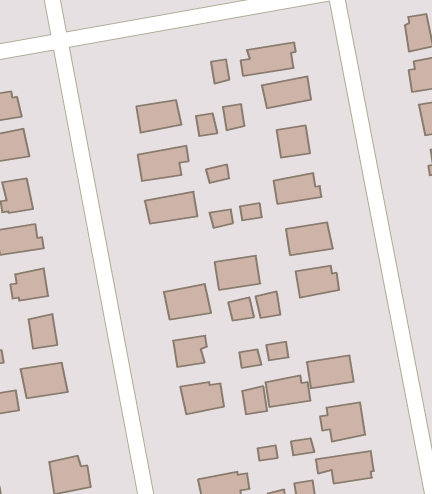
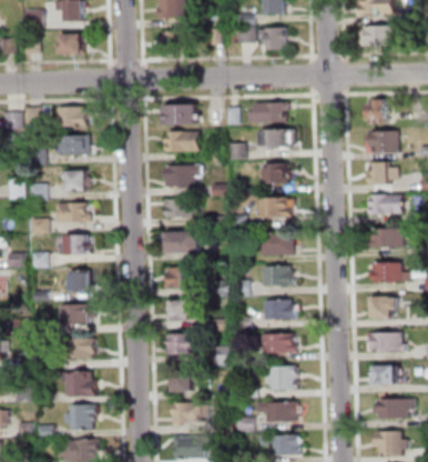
building: none -> [164,107,196,125]
building: [215,256,260,290] -> [167,232,197,252]
building: [265,375,311,407] -> [265,300,295,319]
building: none -> [58,339,94,360]
building: none -> [171,371,198,392]

